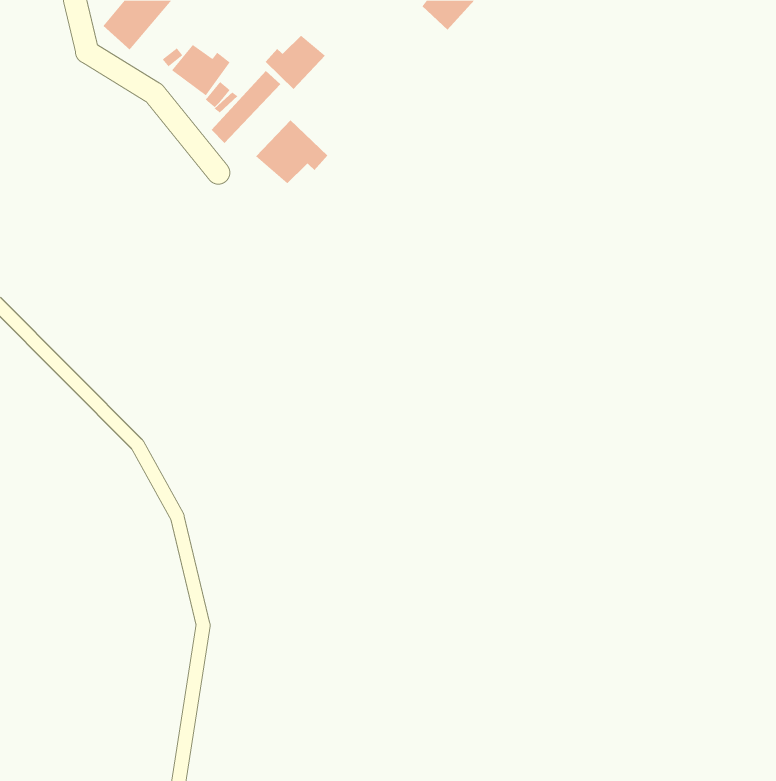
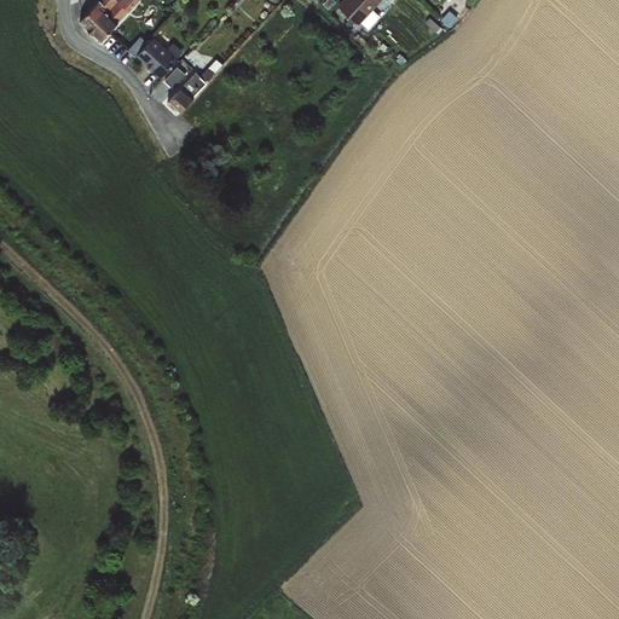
building: [265,35,326,90] -> none
building: [255,119,328,184] -> none

